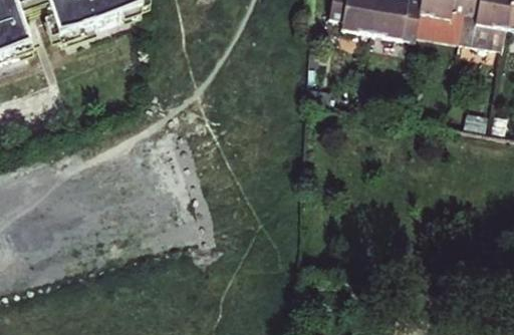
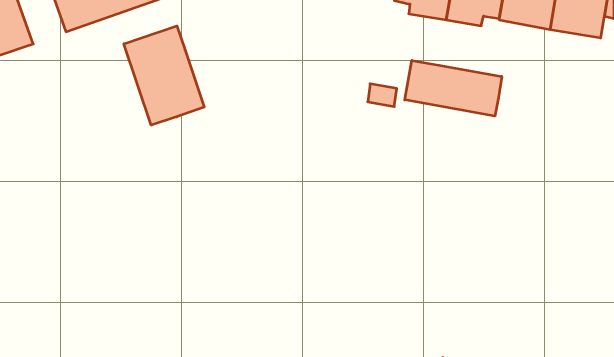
building: none -> [124,26,204,125]
building: none -> [405,60,502,116]

